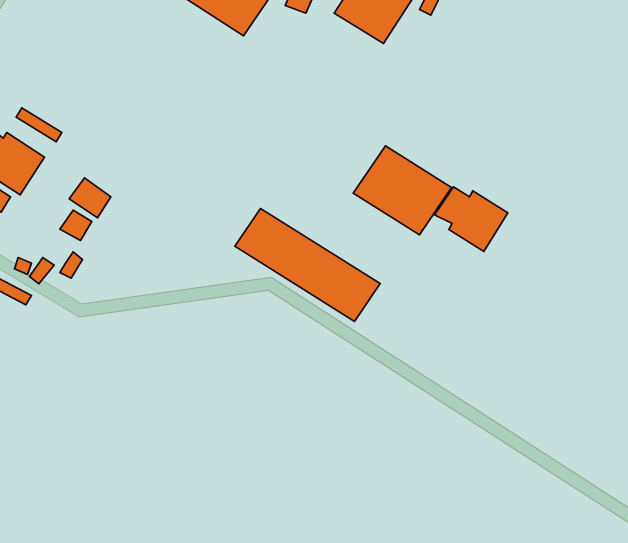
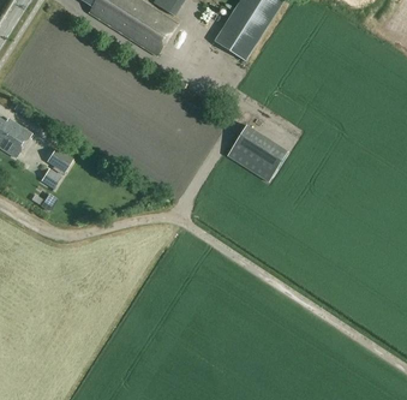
building: [435,187,508,252] -> none
building: [235,208,380,321] -> none

